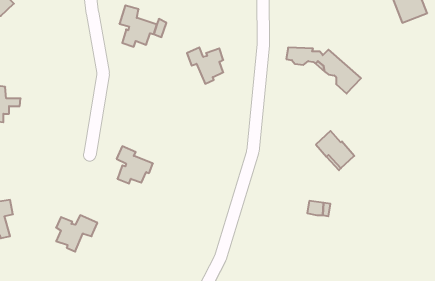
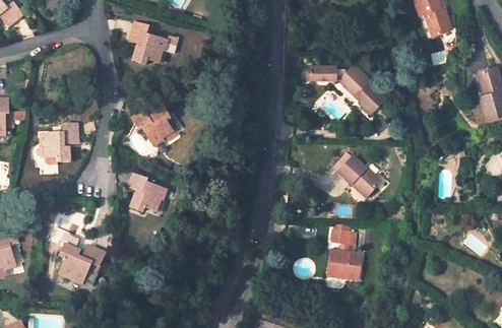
building: [187,47,223,84] -> [138,109,177,147]
building: none -> [41,122,78,161]
building: none -> [323,250,359,281]

